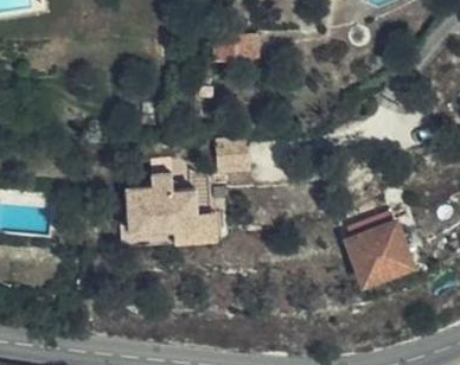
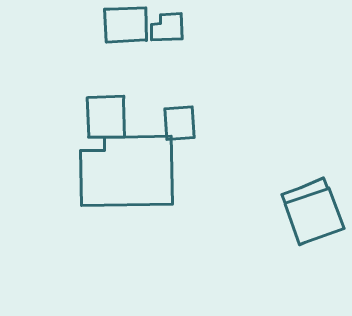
building: none -> [104,8,146,42]
building: none -> [87,96,124,137]

